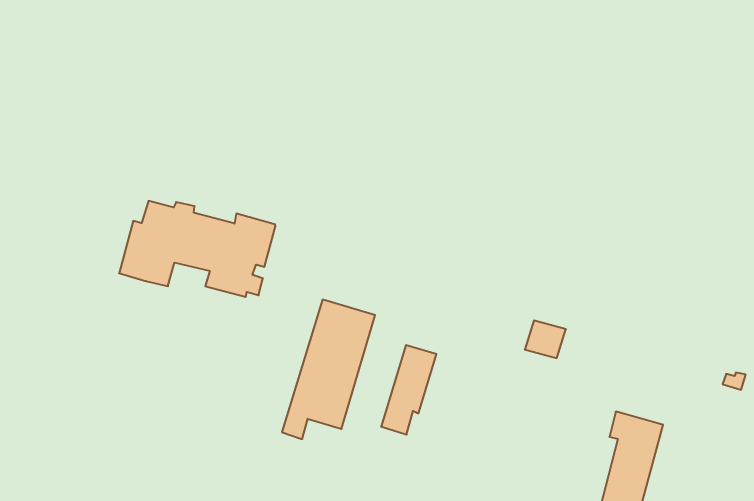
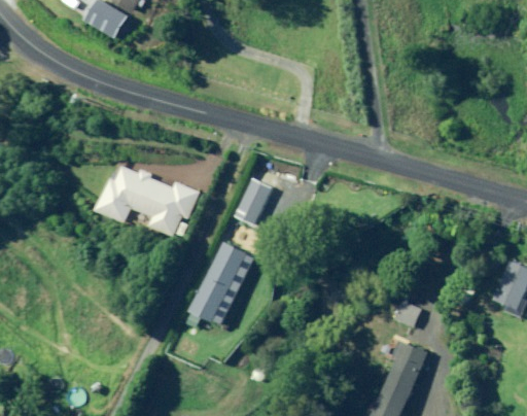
building: [525,320,566,358] -> [391,301,419,326]
building: [381,345,436,435] -> [225,181,267,238]

